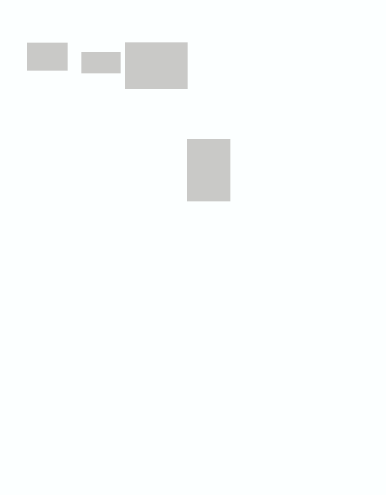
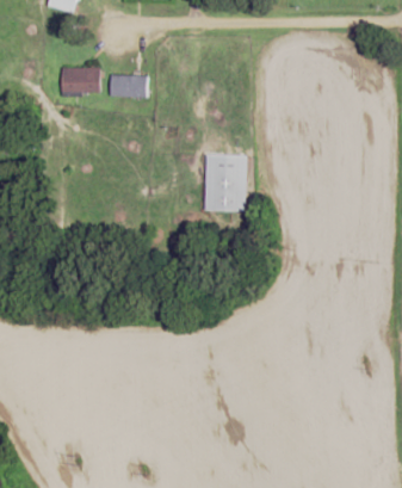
building: [124,42,188,90] -> none

